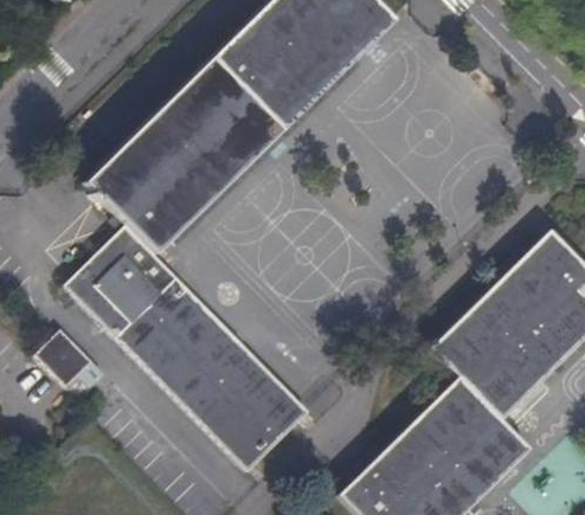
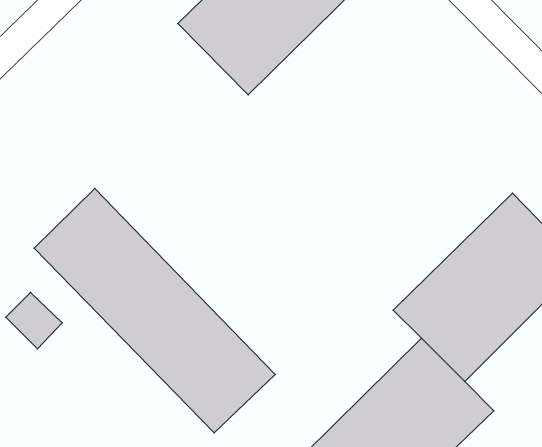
building: [85,58,282,255] -> none

